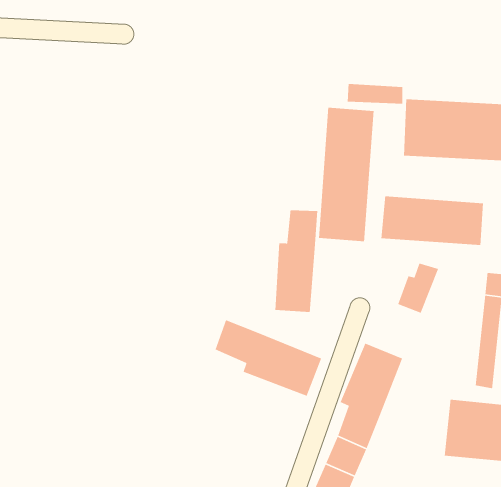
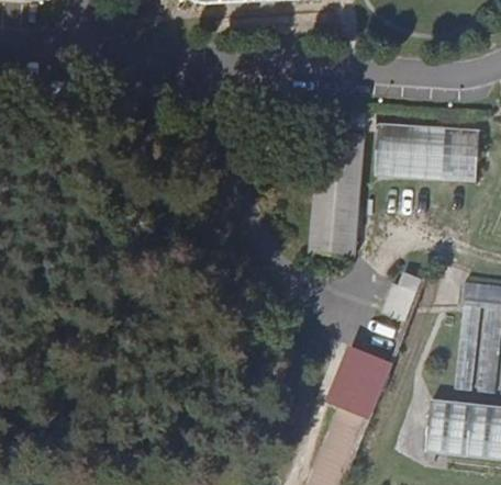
building: [381,196,484,246] -> none
building: [275,210,318,313] -> none
building: [214,319,322,397] -> none

